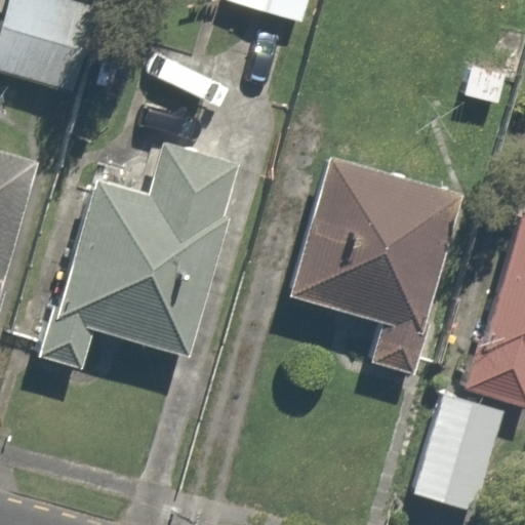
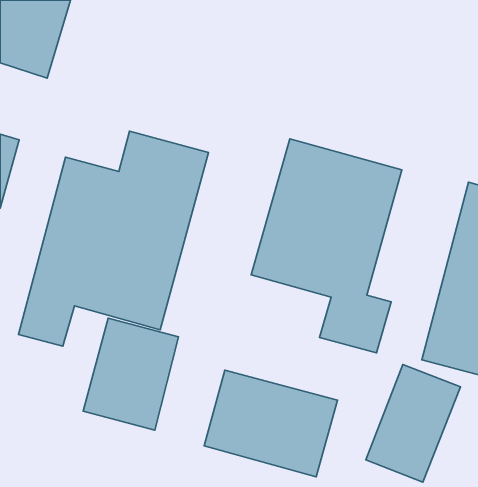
building: none -> [83,318,179,430]
building: none -> [204,370,338,477]

